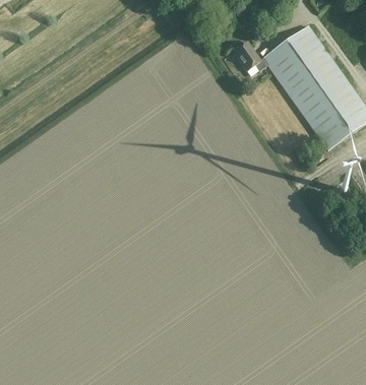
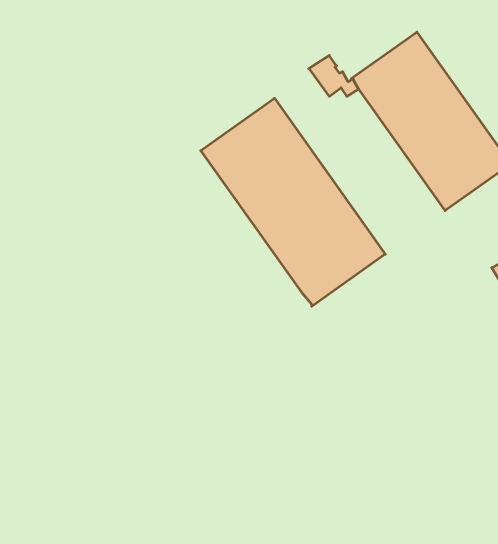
building: none -> [201,98,385,306]

